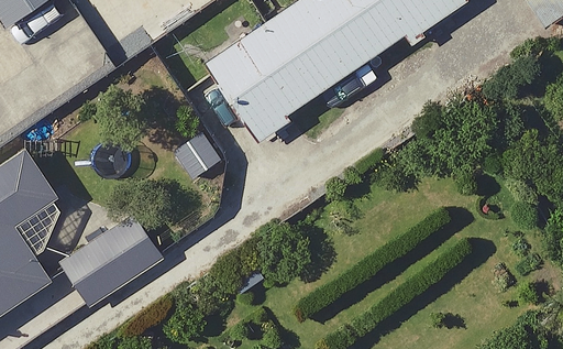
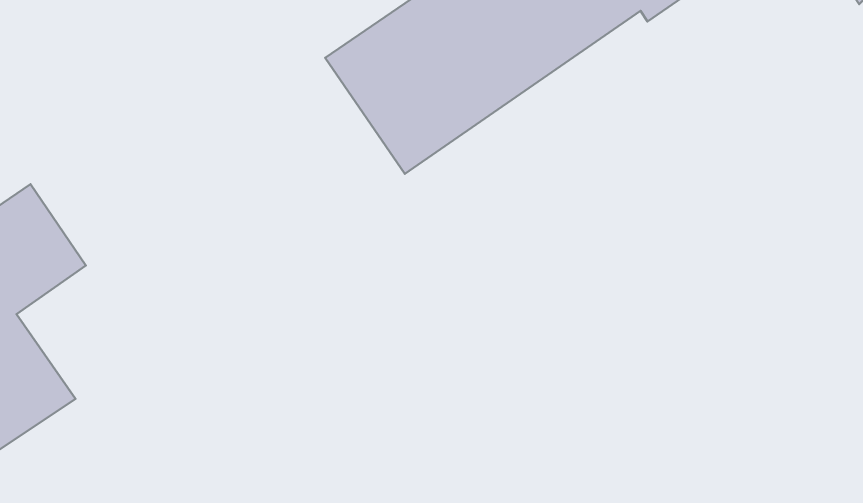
building: [56,211,157,301] -> none

